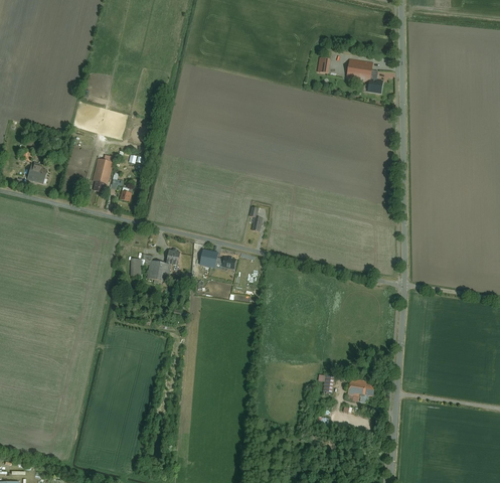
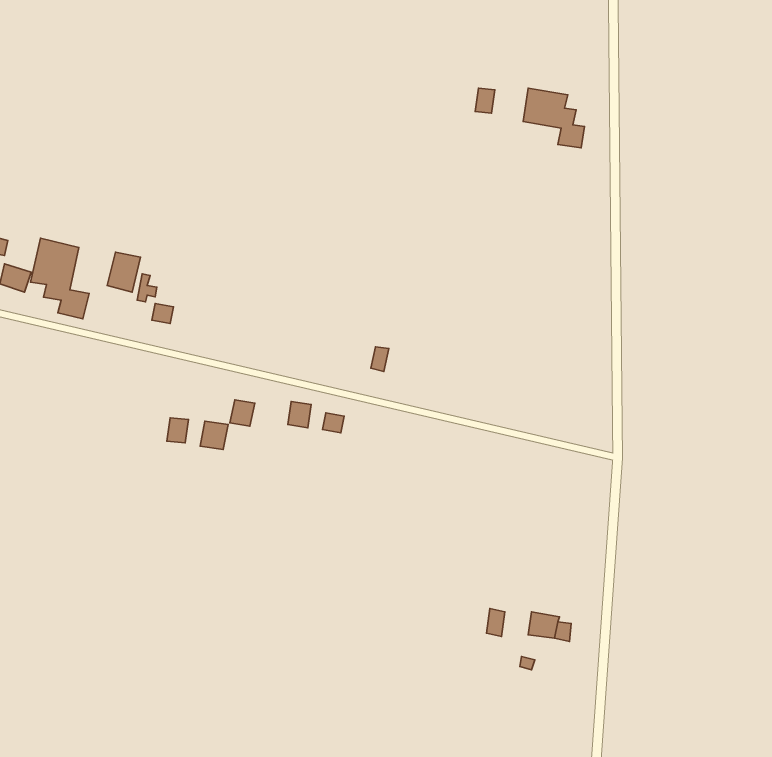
building: none -> [31,238,89,319]

